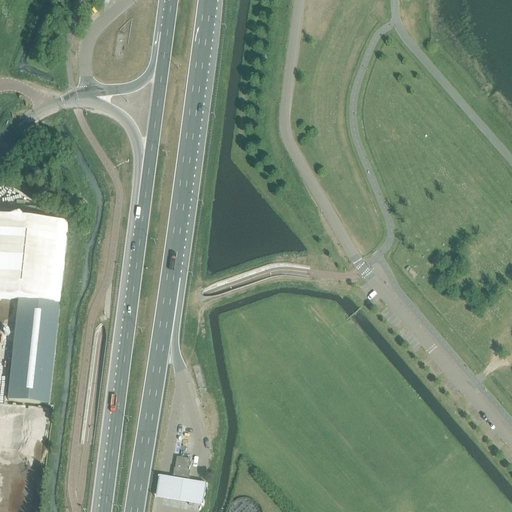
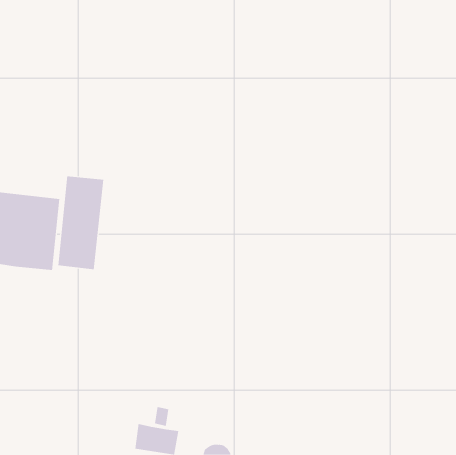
building: [7,298,59,403] -> [58,176,104,270]

